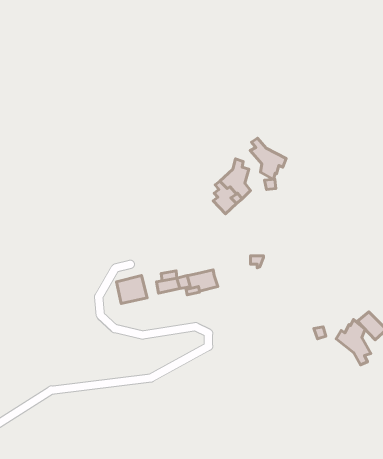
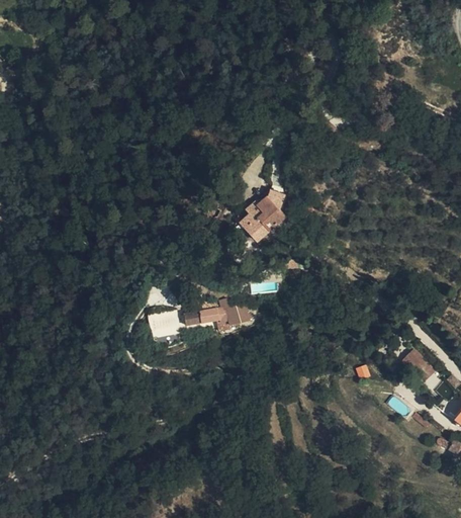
building: [250,138,286,179] -> none
building: [336,319,371,365] -> none

